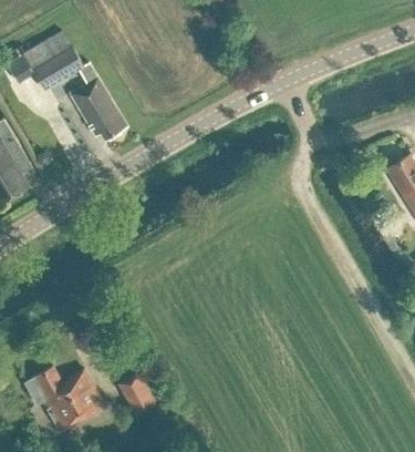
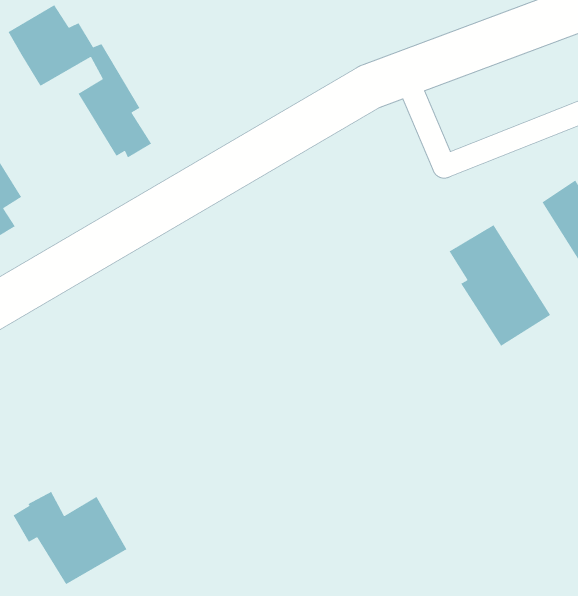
building: none -> [449,224,551,347]
building: [117,372,154,414] -> none

